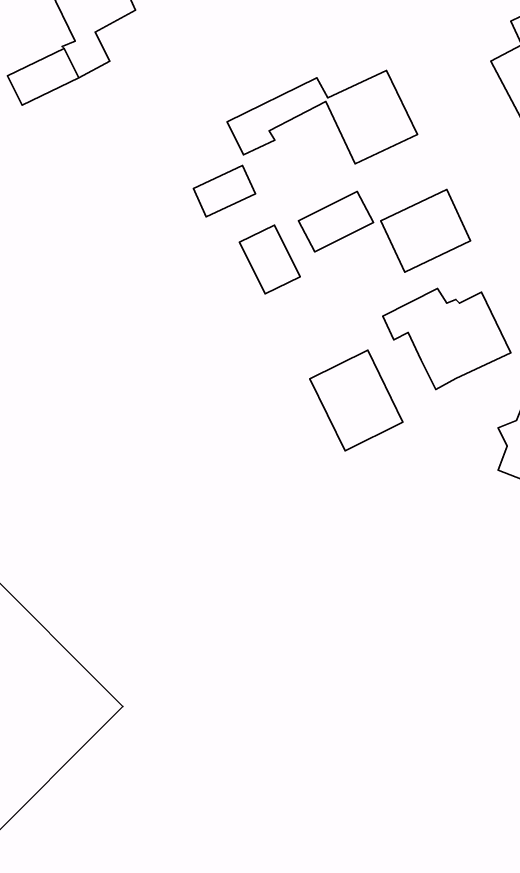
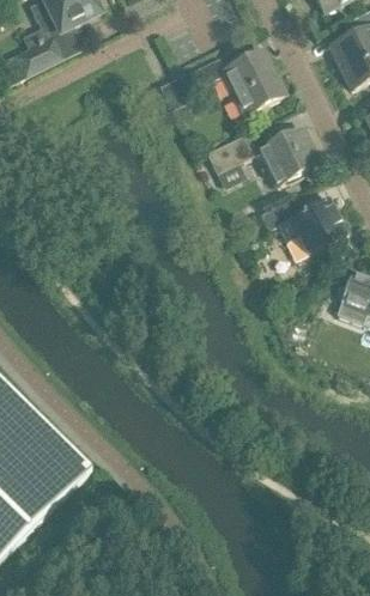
building: [193,165,255,217] -> none
building: [239,225,300,294] -> none
building: [310,350,403,451] -> none

